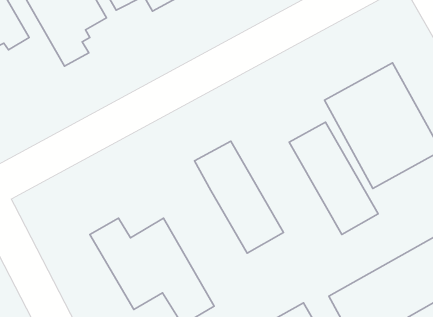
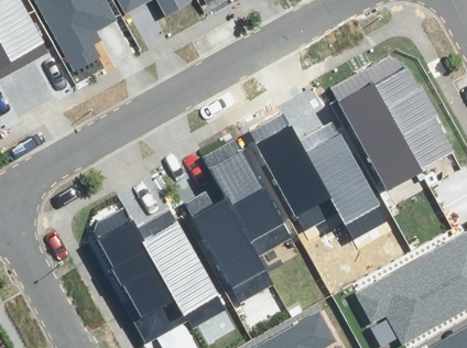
building: none -> [249,123,339,233]
building: none -> [184,195,274,304]

